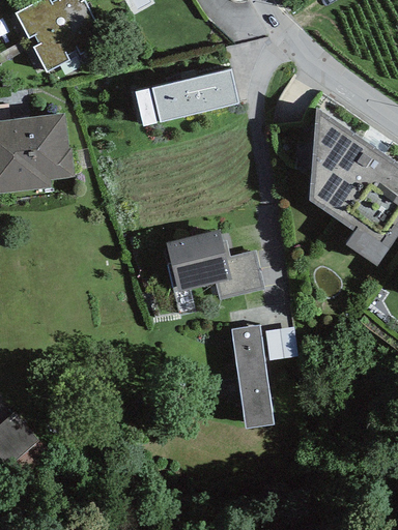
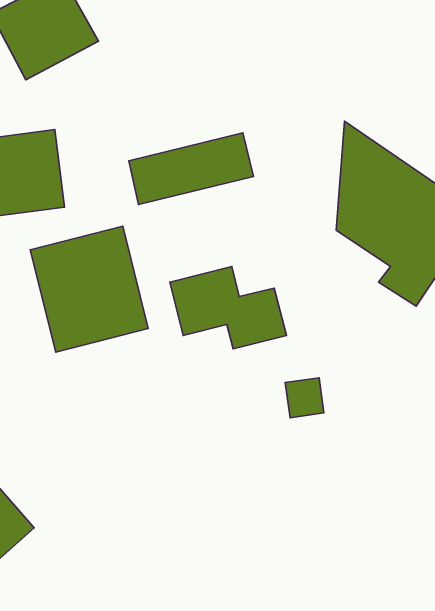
building: [134,66,240,127] -> [129,133,254,204]
building: none -> [30,226,148,352]
building: [231,324,275,429] -> none

